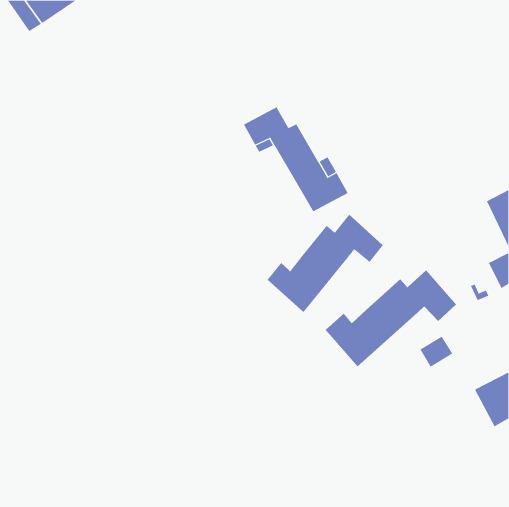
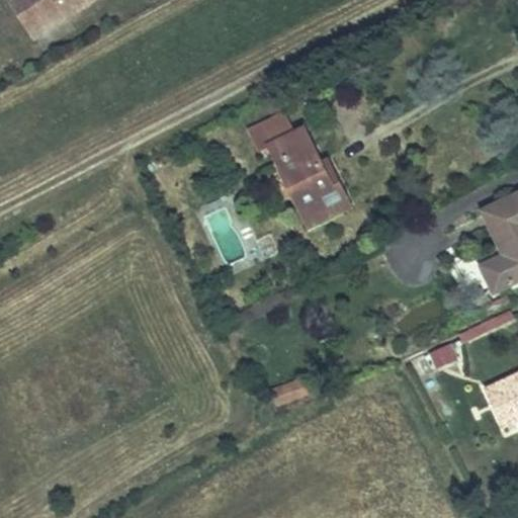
building: [267,214,384,313] -> none
building: [325,269,457,367] -> none

